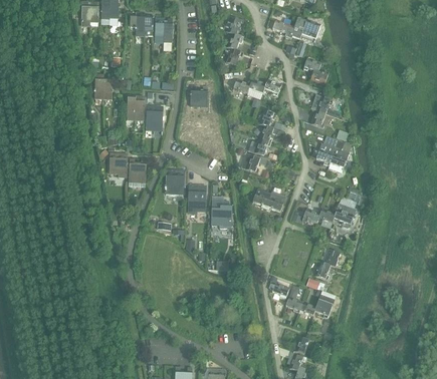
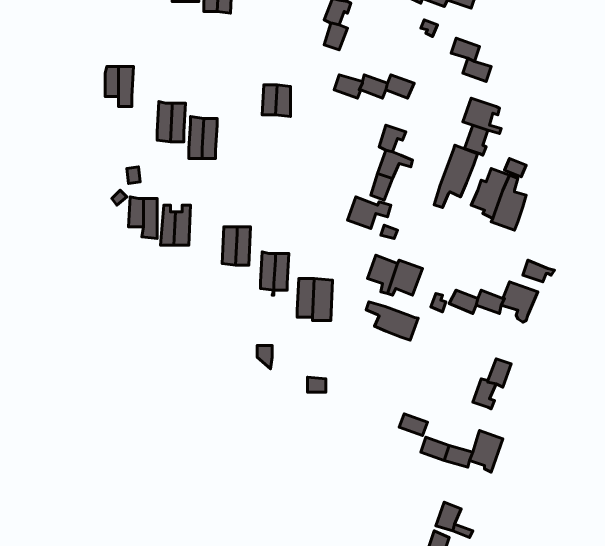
building: none -> [434,145,478,207]
building: none -> [366,302,418,340]

